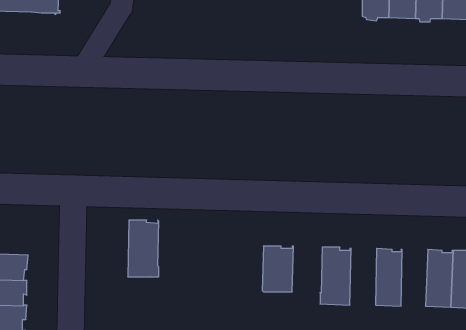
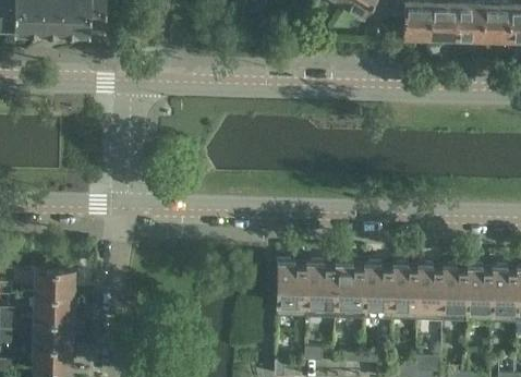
building: [128,220,159,277] -> [276,262,306,317]
building: none -> [335,263,364,308]
building: none -> [391,265,417,320]
building: none -> [441,266,468,321]

